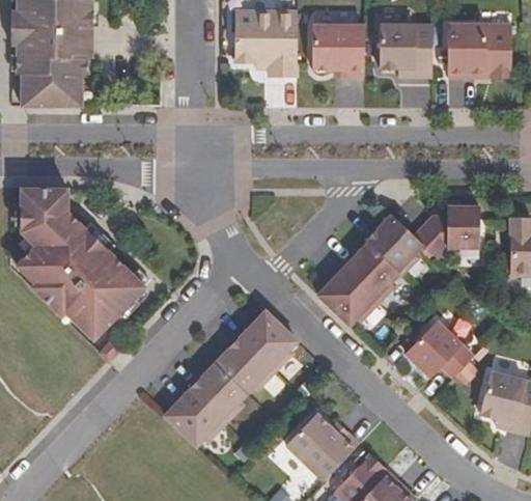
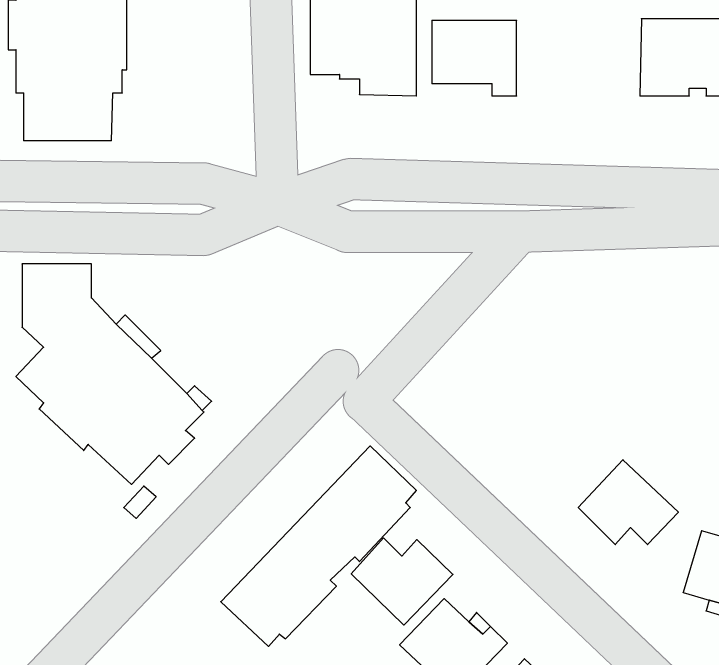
building: [378,24,430,76] -> none
building: [316,206,476,326] -> none
building: none -> [351,538,453,625]

